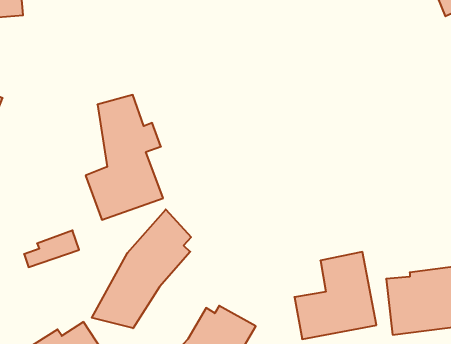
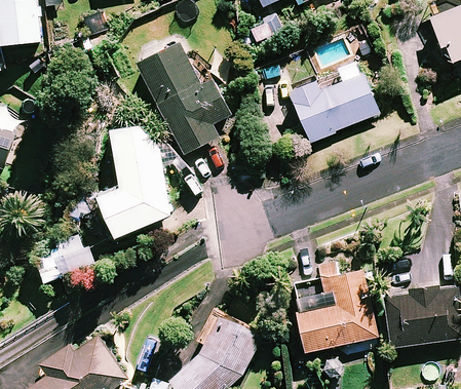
building: none -> [138,41,232,155]
building: none -> [290,72,378,147]
building: [92,209,191,328] -> none

